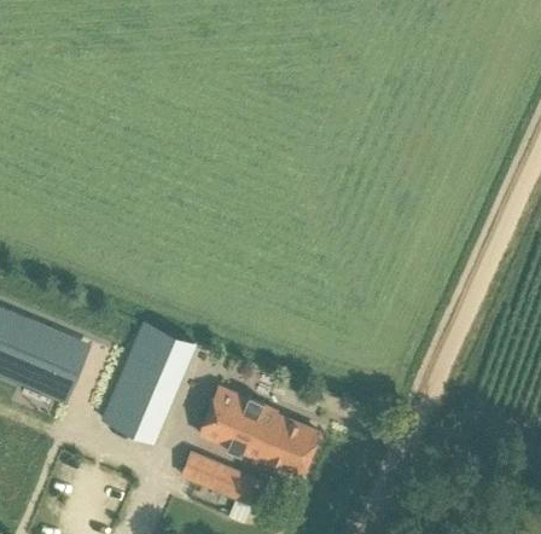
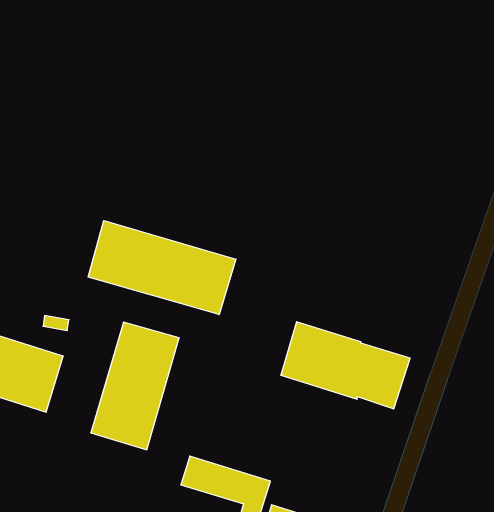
building: none -> [88,221,236,315]
building: [200,387,320,475] -> [281,322,410,409]

